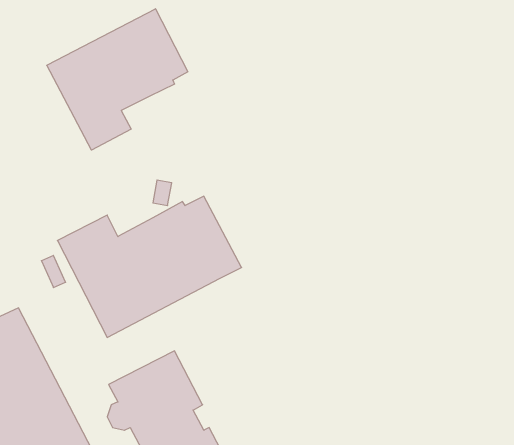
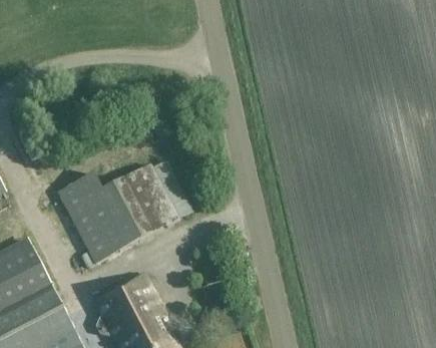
building: [47,9,188,150] -> none

